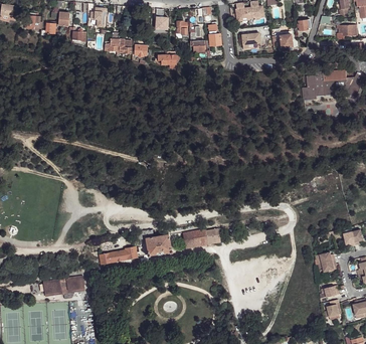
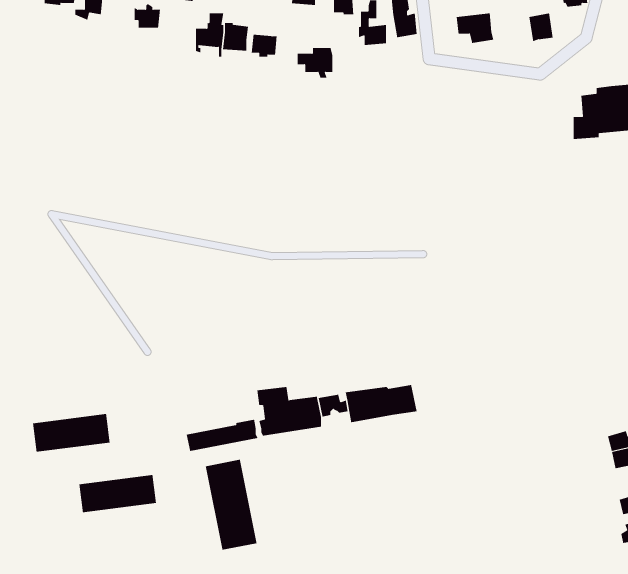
building: none -> [32,413,110,453]
building: none -> [205,459,257,551]

